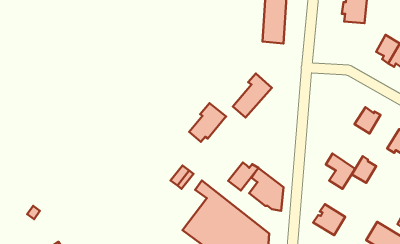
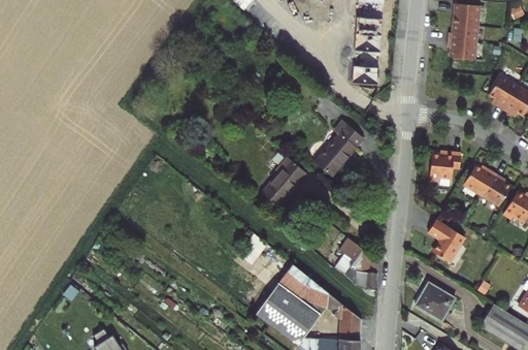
building: none -> [430,151,463,181]
building: [352,156,376,183] -> [483,172,513,205]
building: [228,162,258,191] -> none

